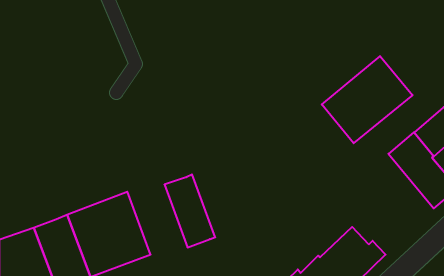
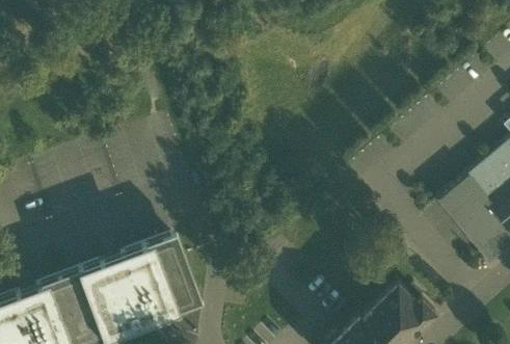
building: [322,56,413,143] -> none
building: [164,174,215,247] -> [144,235,202,317]

